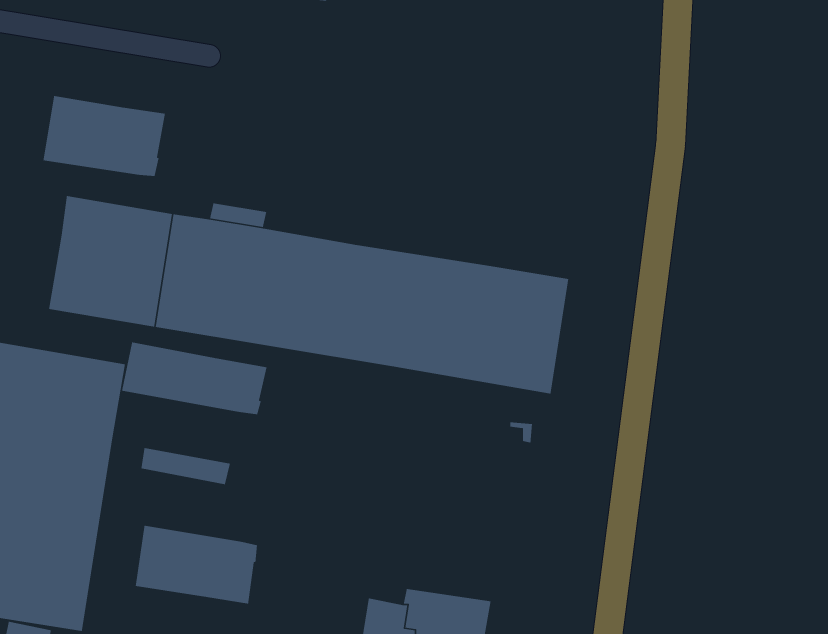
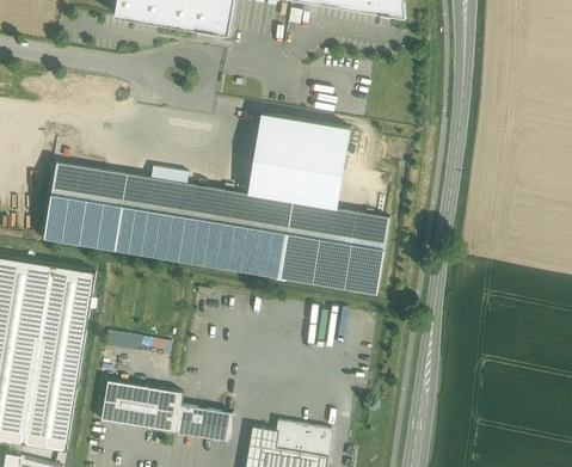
building: [42,95,166,177] -> none
building: none -> [245,113,349,209]
building: [121,341,267,415] -> none
building: none -> [174,405,230,441]

